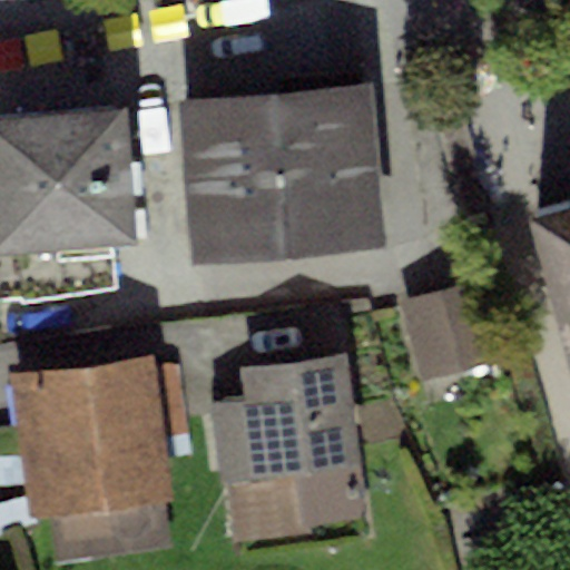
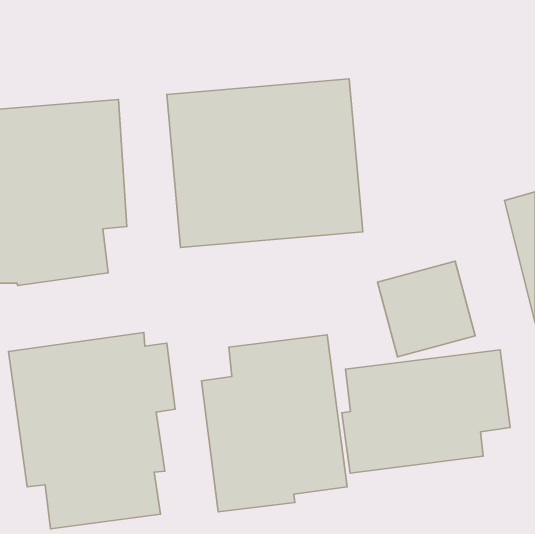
building: none -> [342,350,510,473]

